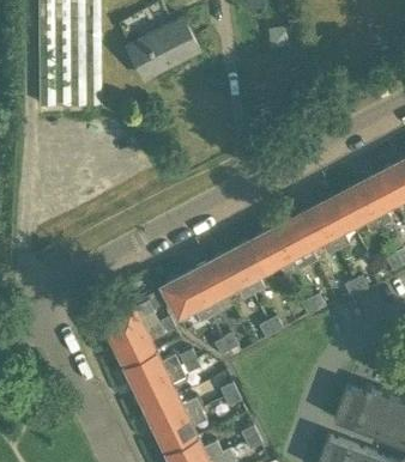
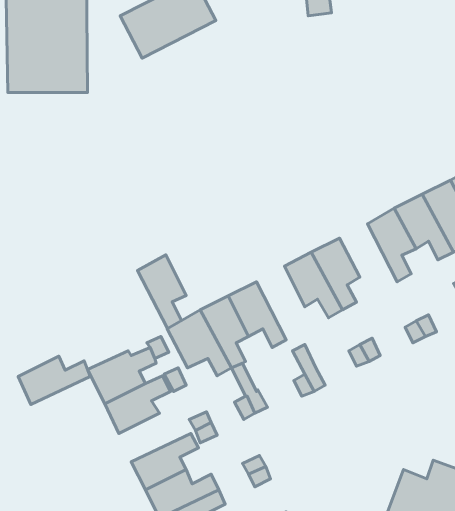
building: [294,206,338,255] -> none
building: [230,238,267,294] -> [138,255,186,328]
building: [125,351,180,388] -> [18,356,90,405]

